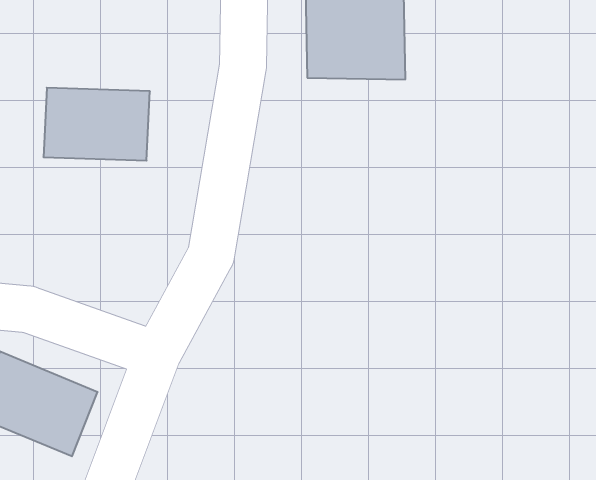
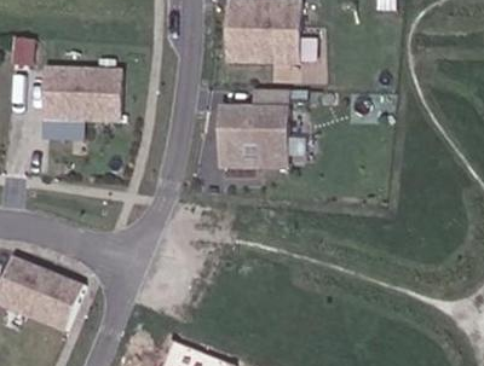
building: none -> [220,89,292,168]

